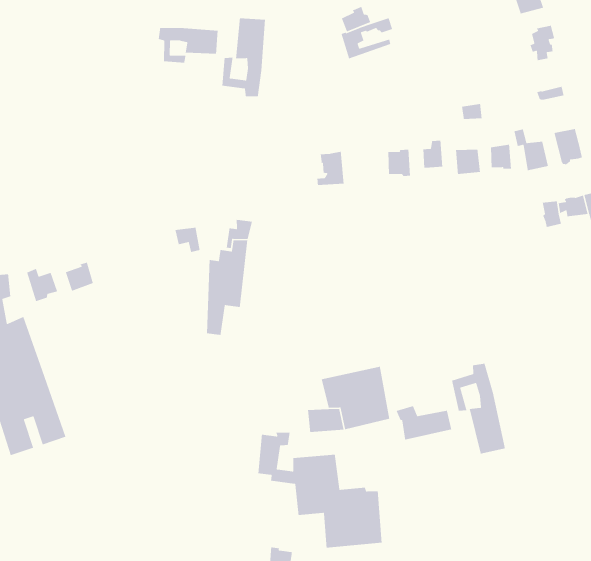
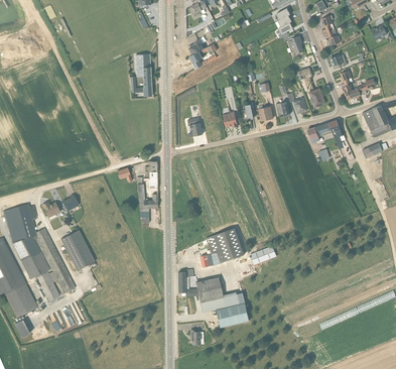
building: [158,27,219,64] -> none
building: none -> [60,229,95,269]
building: [451,363,506,454] -> none

